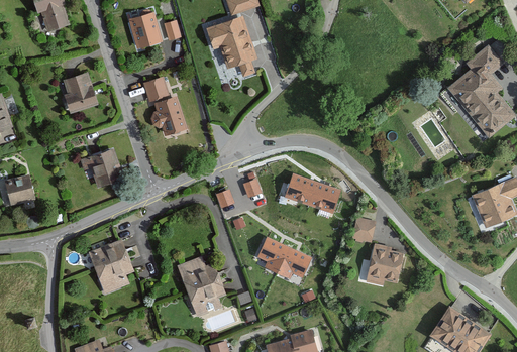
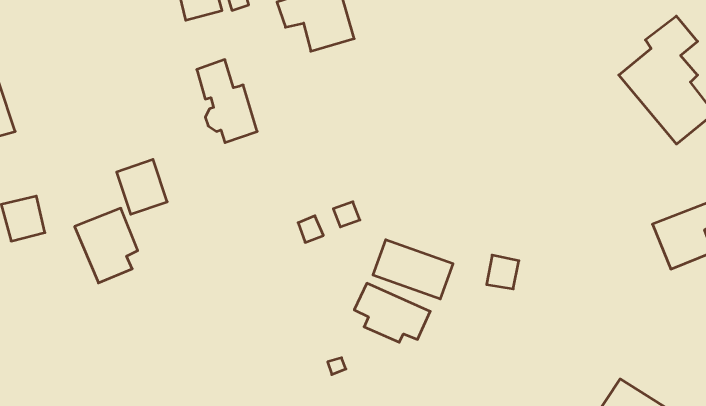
building: [62,73,97,113] -> none
building: [284,172,341,215] -> [373,240,453,299]
building: [88,241,133,295] -> [75,208,138,283]
building: [365,243,403,284] -> none
building: [179,264,224,318] -> none

